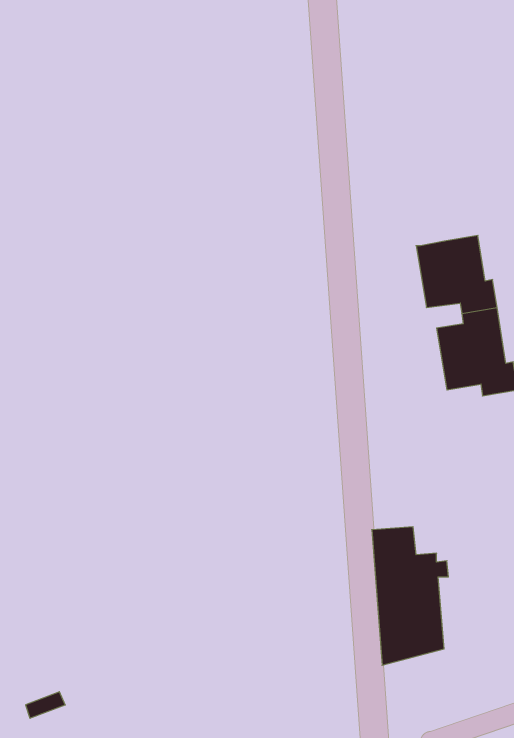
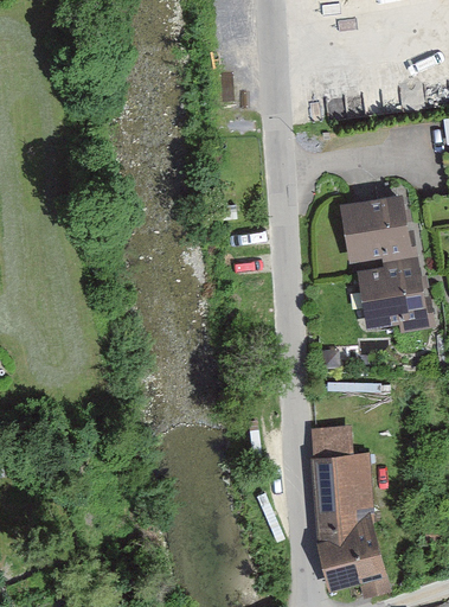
building: none -> [320,531,381,587]

